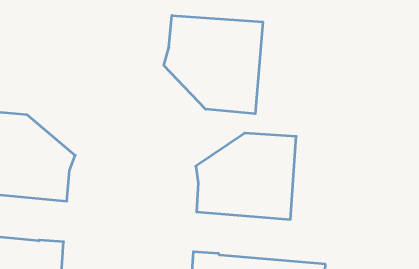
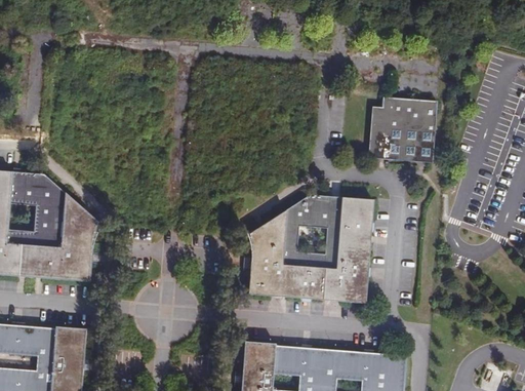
building: [164,15,263,114] -> none
building: none -> [371,96,438,159]

